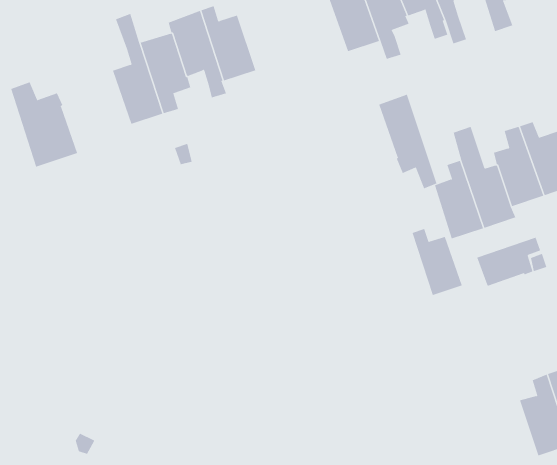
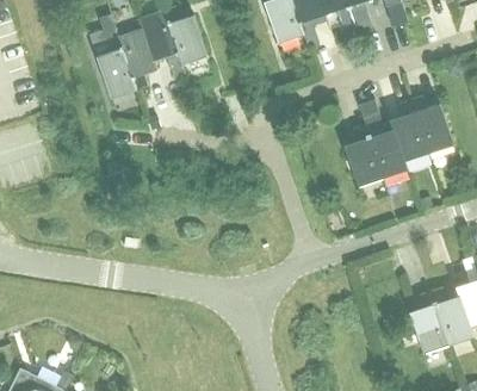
building: [10,81,78,168] -> none
building: [379,94,437,189] -> none
building: [412,228,462,296] -> none
building: [477,237,541,286] -> none

